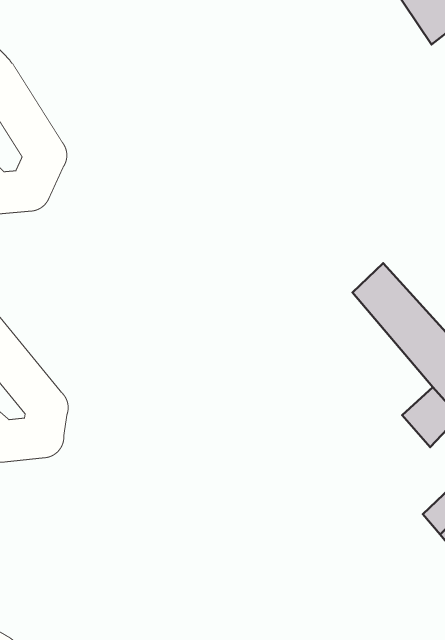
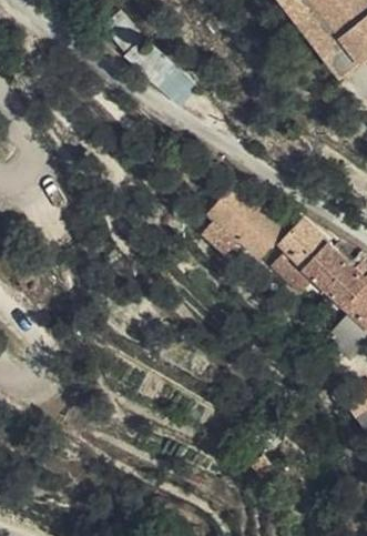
building: none -> [215,188,288,265]

